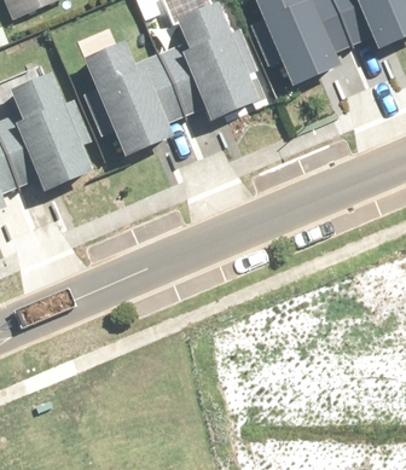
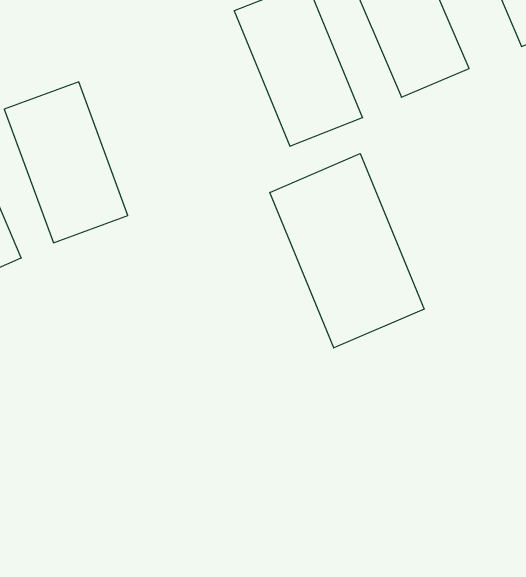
building: [83,42,184,156] -> none
building: none -> [270,154,424,348]

